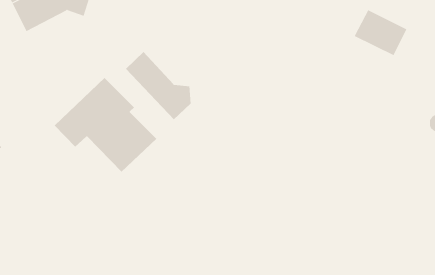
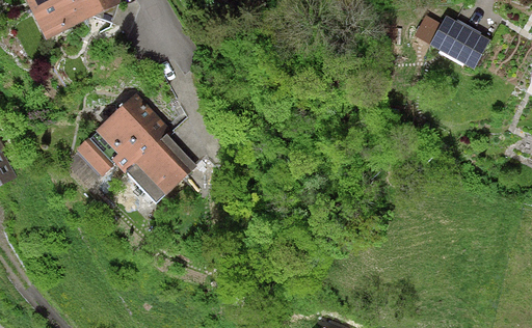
building: [125,51,191,120] -> none

